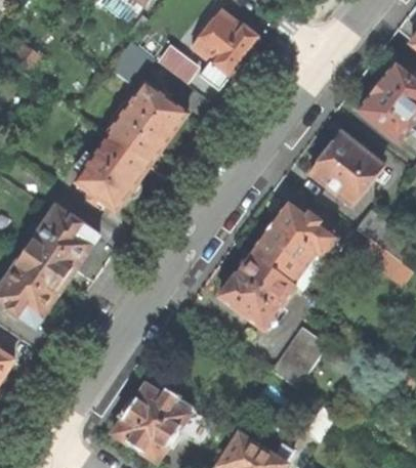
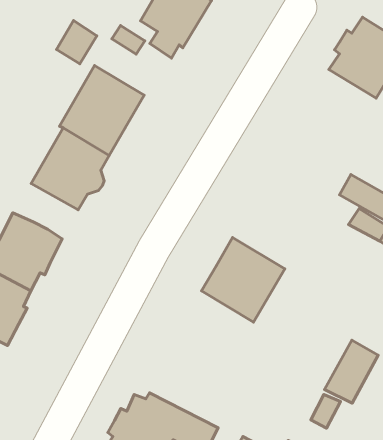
building: [309,133,379,205] -> none
building: [252,204,341,290] -> none
building: [272,323,324,380] -> [325,340,378,403]

